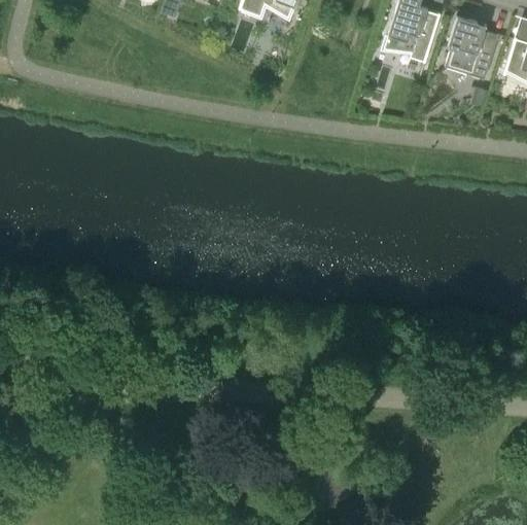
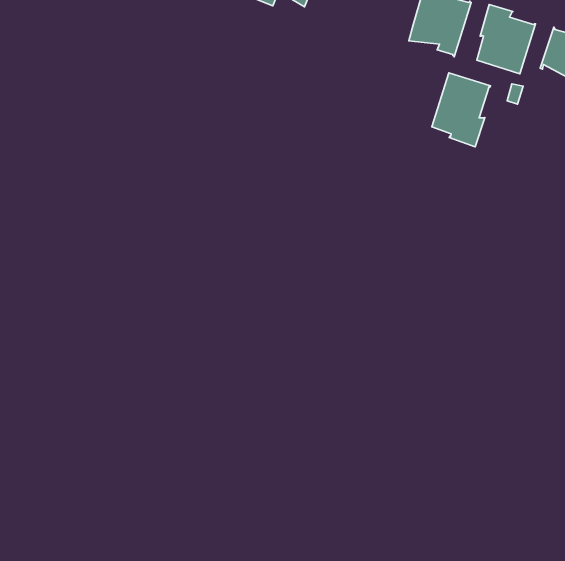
building: none -> [432,73,490,147]

